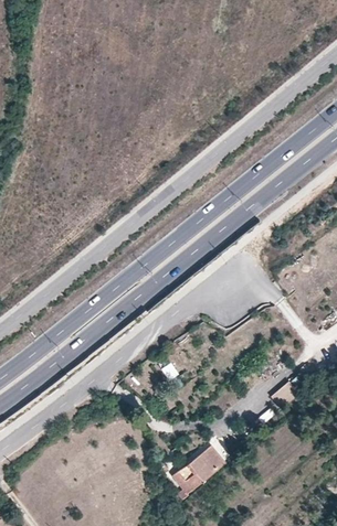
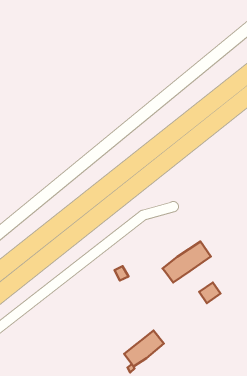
building: none -> [163,242,211,283]

